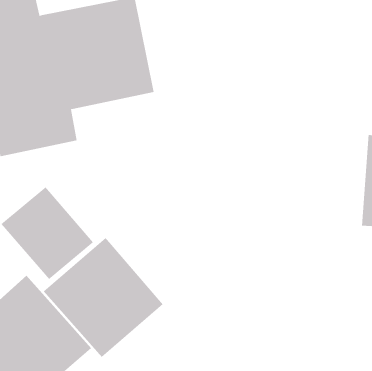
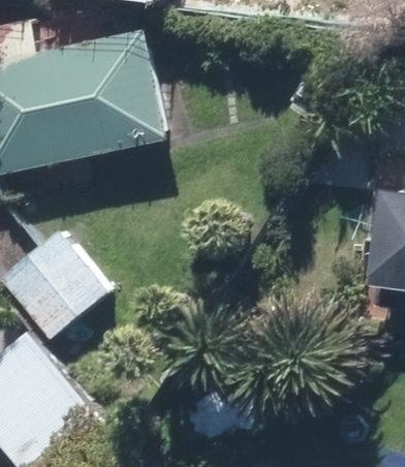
building: [43,237,163,358] -> none

